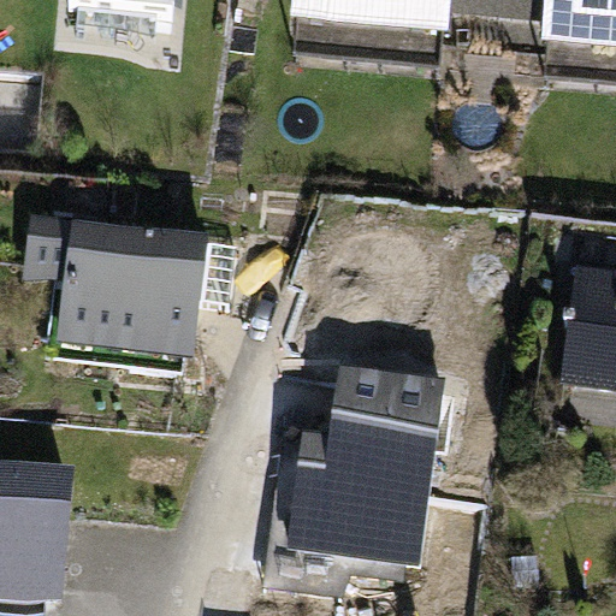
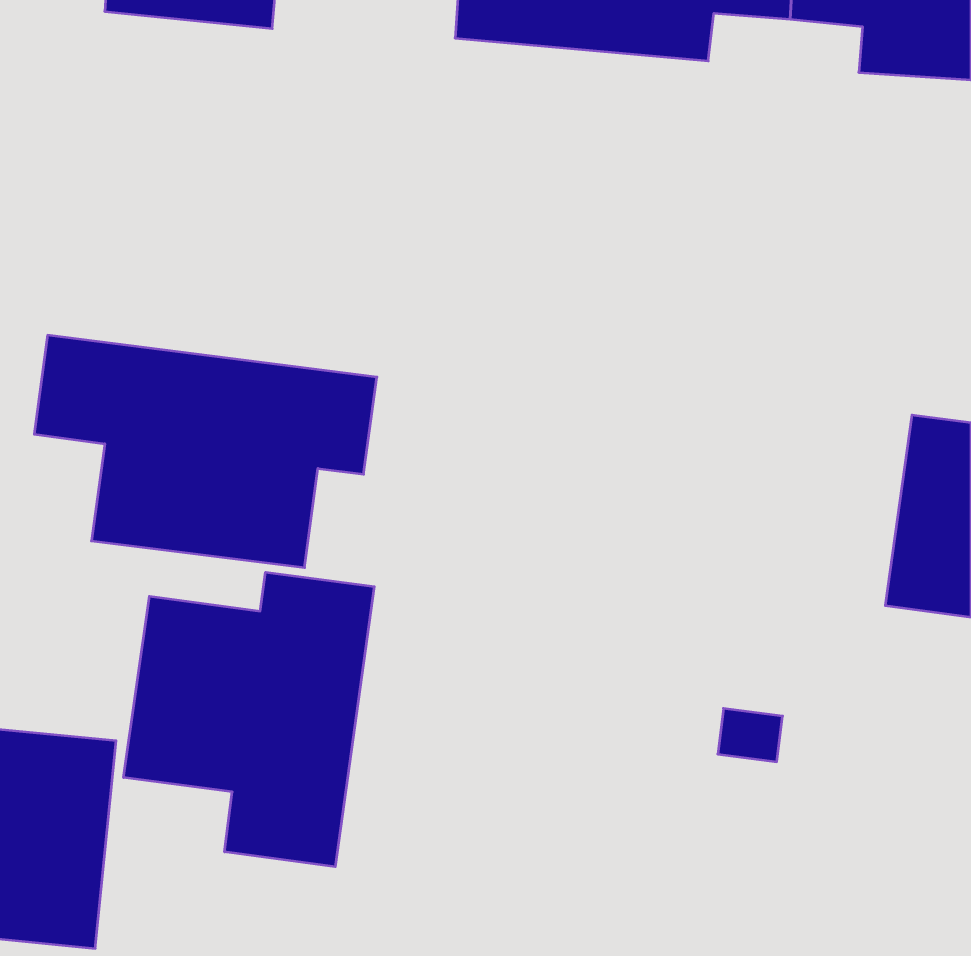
building: none -> [124,572,374,867]
building: [260,363,445,591] -> none

